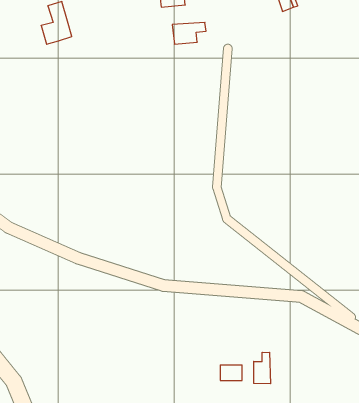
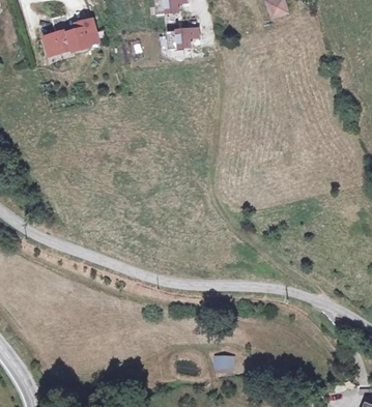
building: none -> [68,16,97,47]
building: [254,352,270,384] -> none

